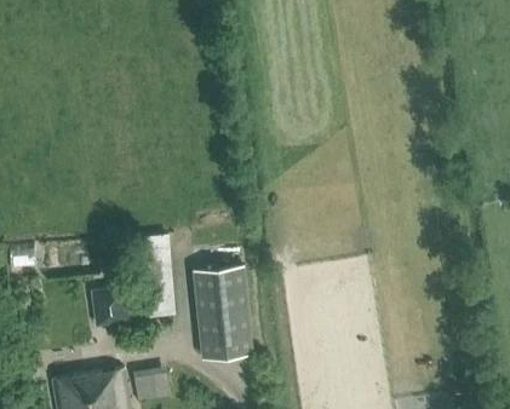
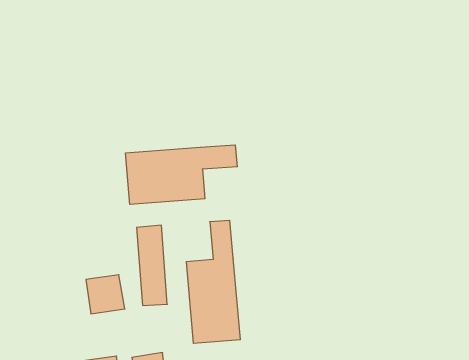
building: none -> [126,145,237,204]

